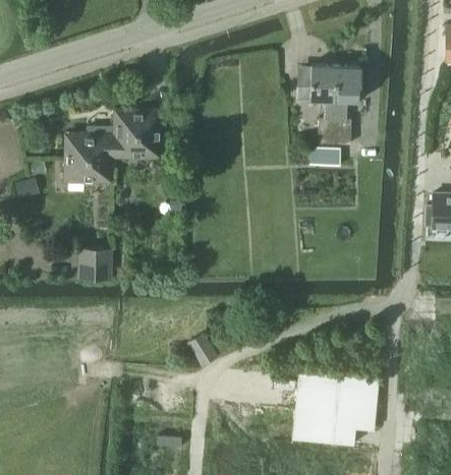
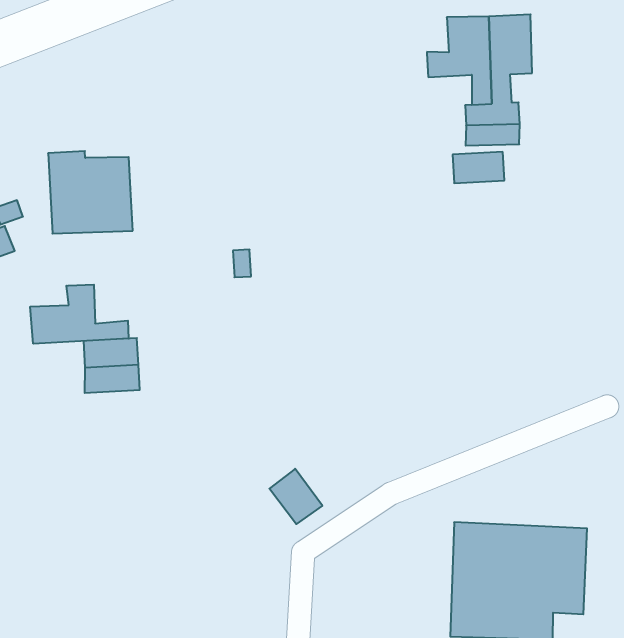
building: [112,110,161,159] -> none
building: none -> [30,285,129,344]

